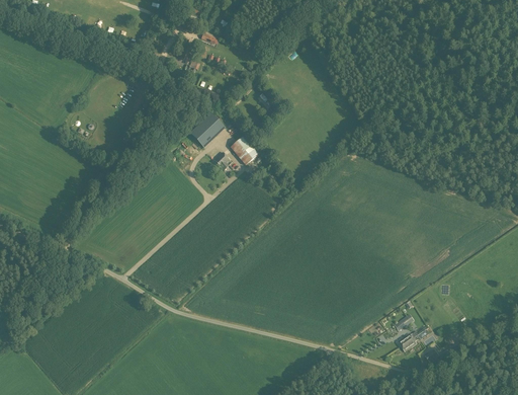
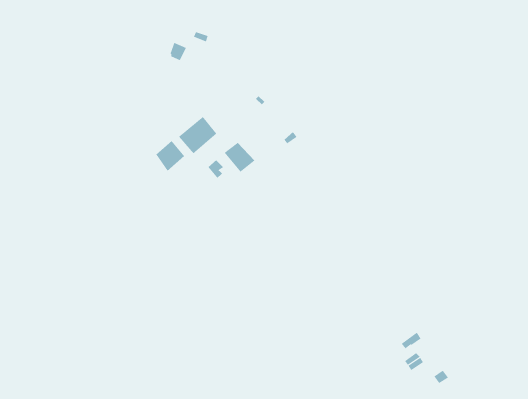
building: none -> [156,140,185,171]

